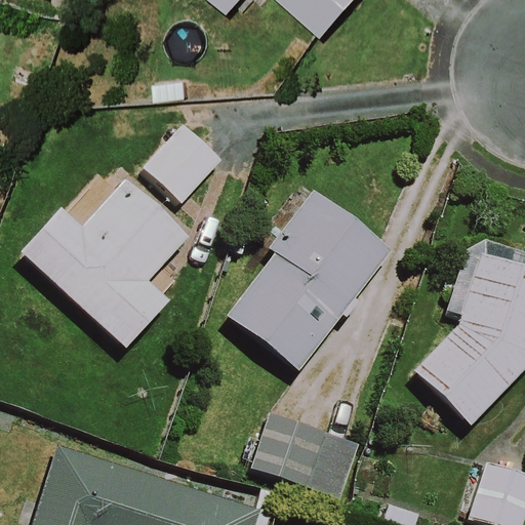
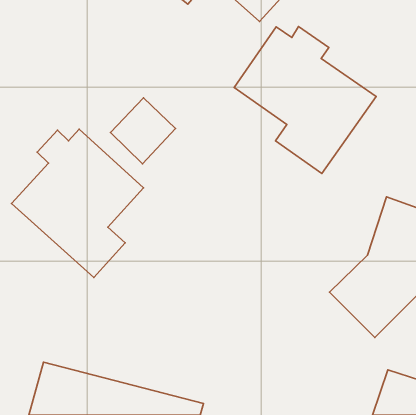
building: none -> [234,27,376,173]
building: [228,191,387,370] -> none
building: [253,417,360,497] -> none

